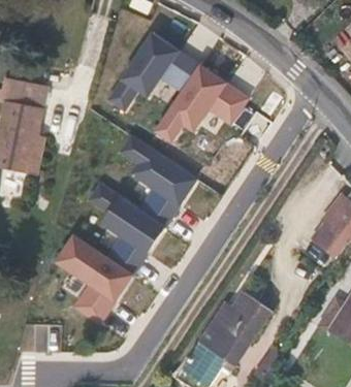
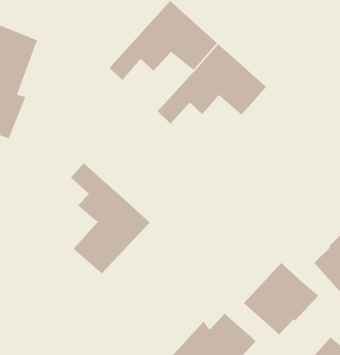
building: [123,136,197,225] -> none
building: [57,237,133,322] -> none
building: none -> [243,262,319,335]

